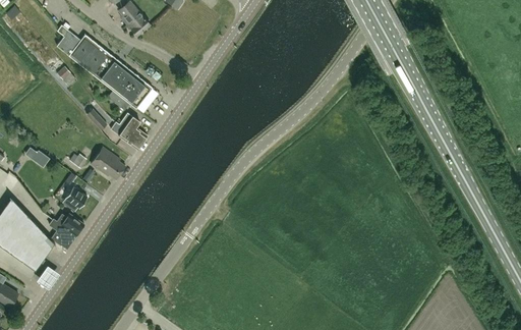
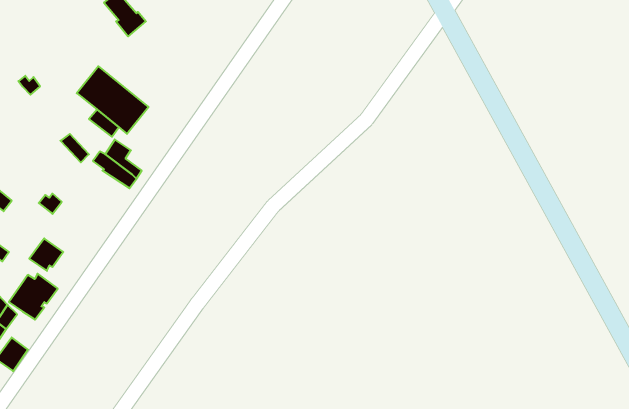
building: [56,25,114,77] -> none
building: [91,147,125,178] -> none

